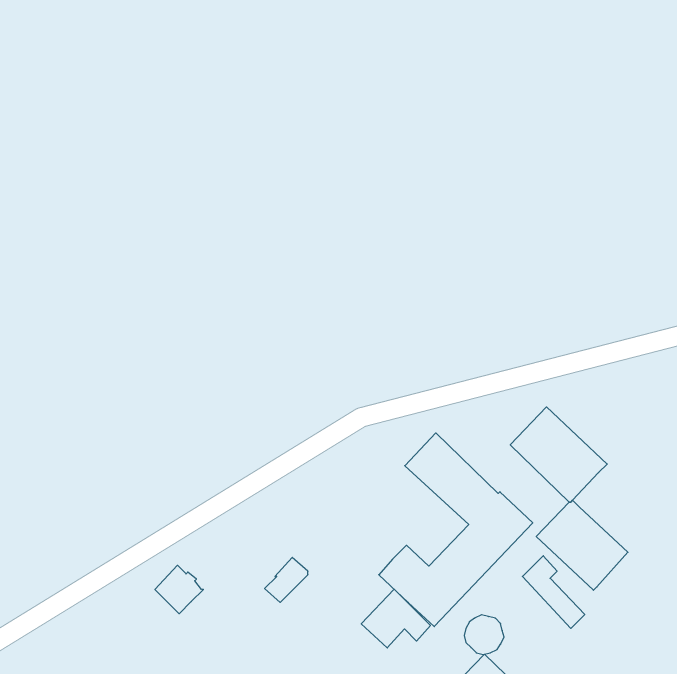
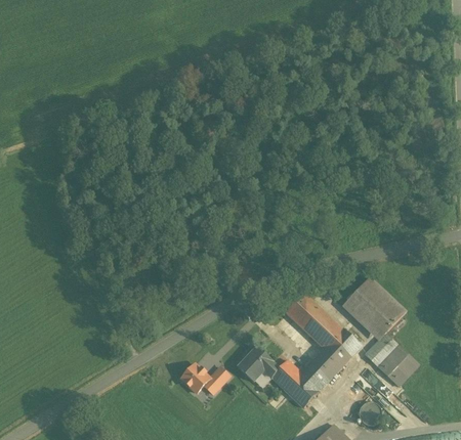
building: [155,565,203,614] -> [180,364,209,393]
building: [361,589,430,648] -> [237,347,278,382]
building: [464,615,504,655] -> [358,402,381,426]

